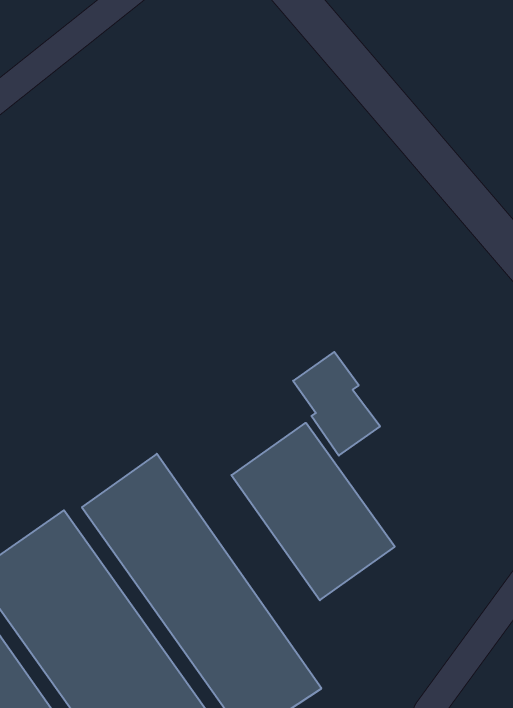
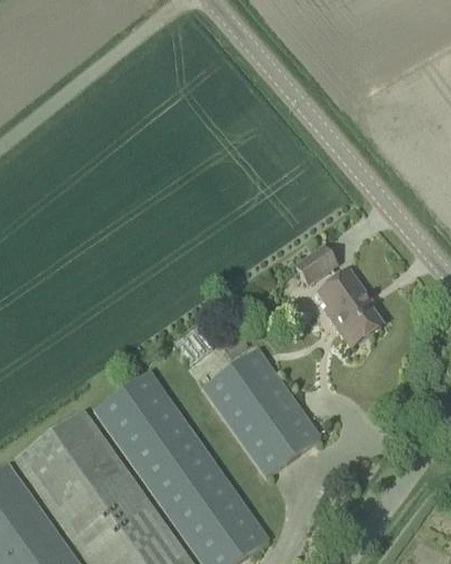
building: none -> [297,249,335,284]
building: [293,352,380,456] -> [319,272,382,347]

